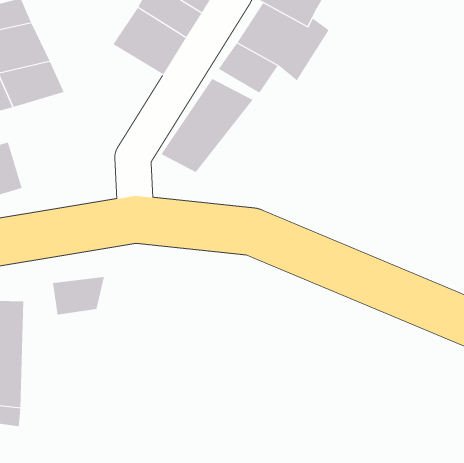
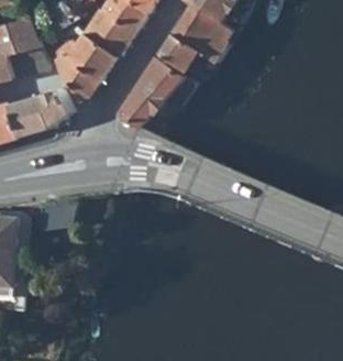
building: none -> [52,33,118,100]
building: none -> [8,91,69,139]

